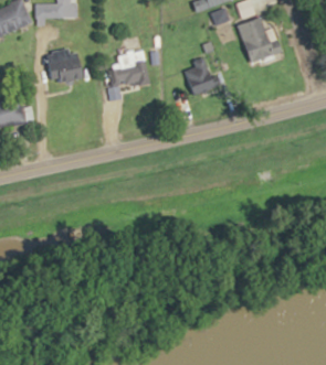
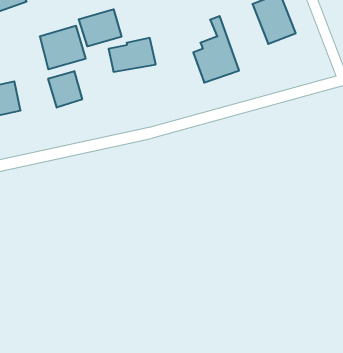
building: none -> [79,9,121,46]
building: none -> [48,71,82,108]

